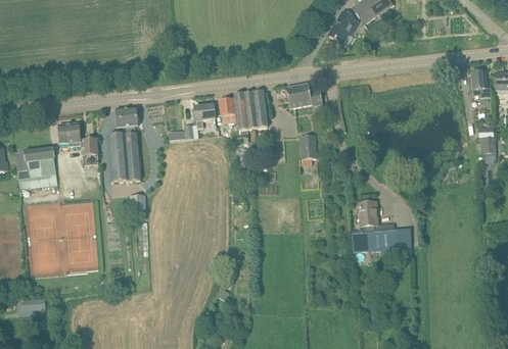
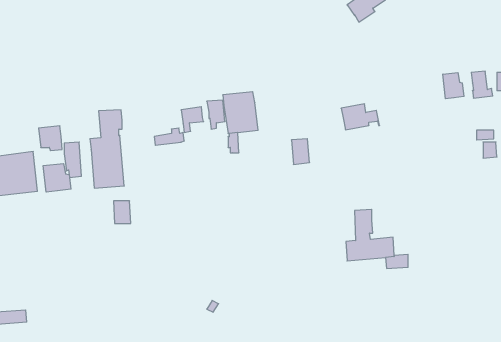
building: [329,11,358,43] -> none
building: none -> [443,73,464,99]
building: [286,84,323,108] -> [341,104,380,130]
building: none -> [43,164,71,192]

